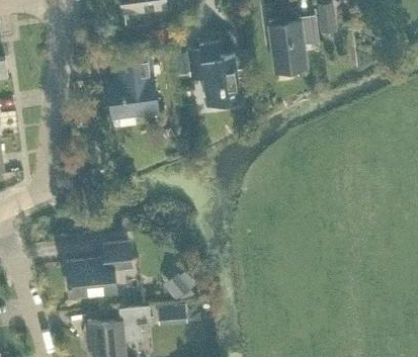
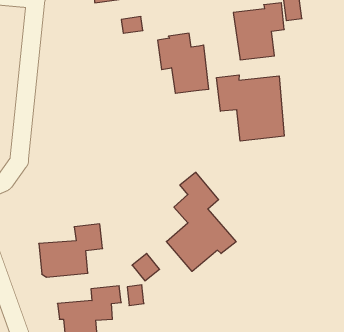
building: [107,61,157,127] -> none
building: none -> [217,75,284,141]
building: none -> [166,172,236,271]

